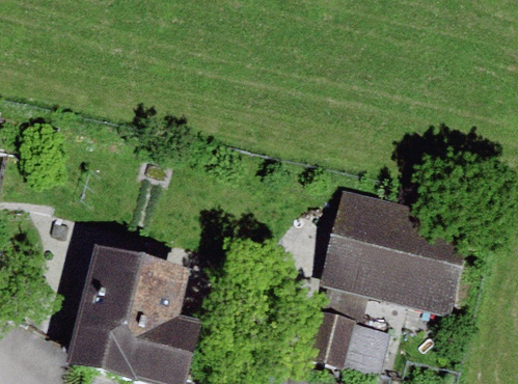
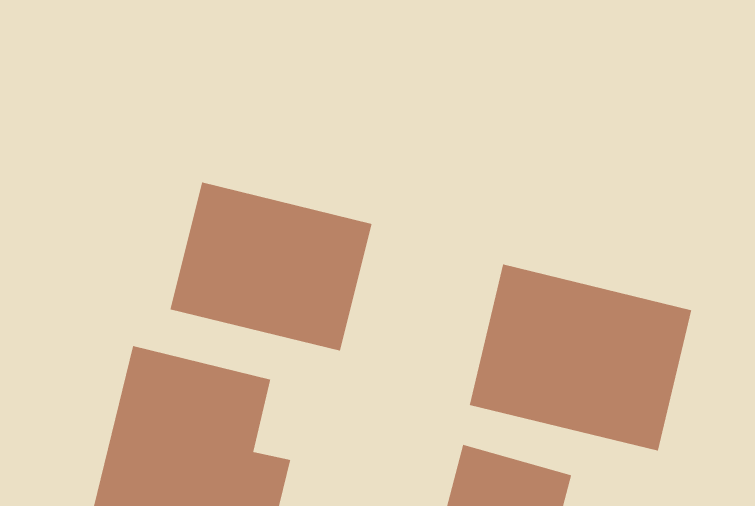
building: none -> [169,182,372,352]

